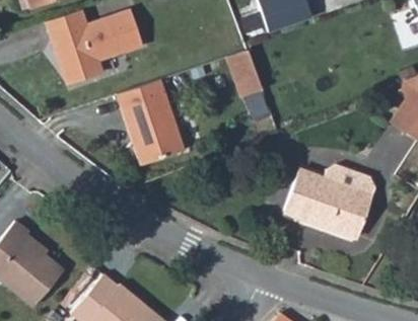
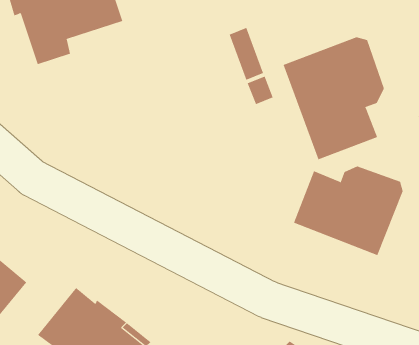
building: none -> [283,37,384,160]
building: [118,81,185,167] -> none

